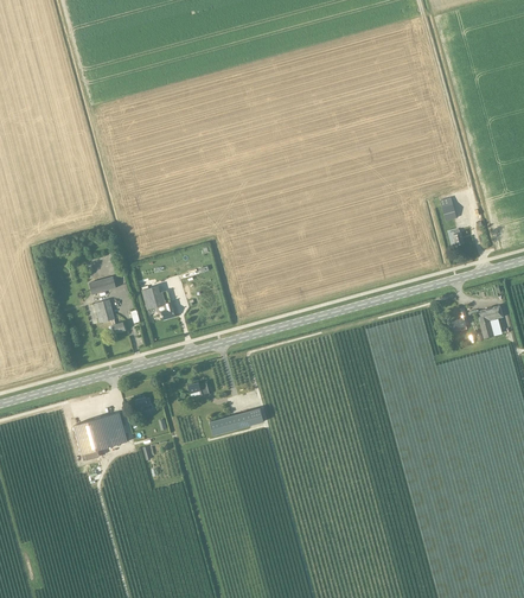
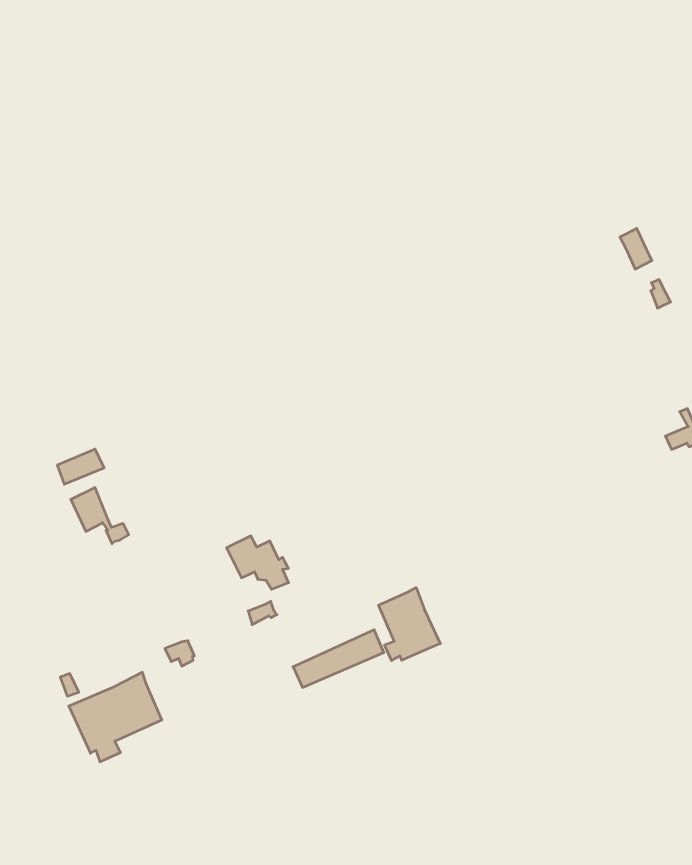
building: [142,285,177,318] -> [227,536,289,589]
building: none -> [379,588,440,661]

